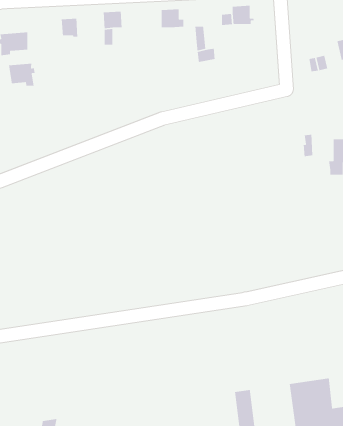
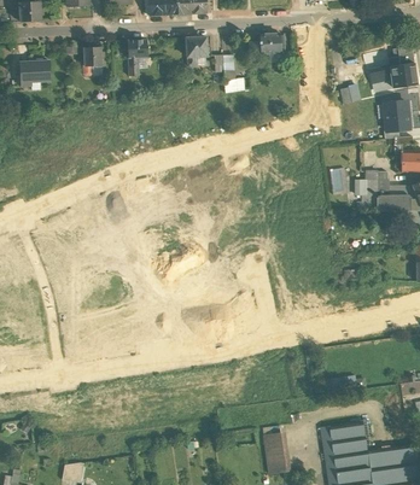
building: [8,63,35,86] -> none

